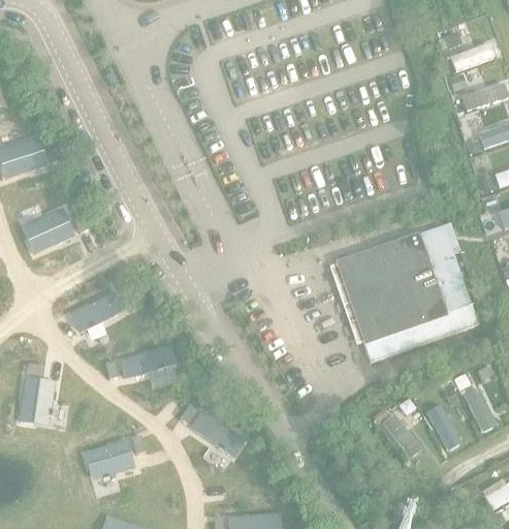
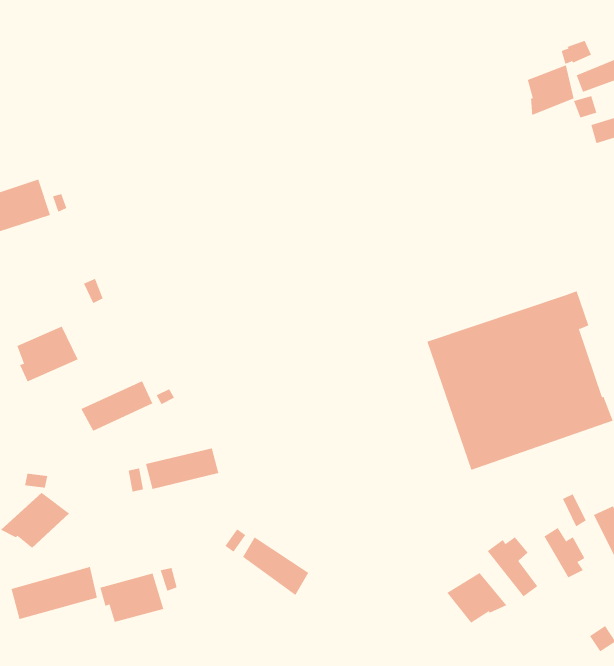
building: none -> [527,64,574,116]
building: [26,210,73,253] -> [16,326,78,382]
building: none -> [11,566,97,620]
building: none -> [446,572,507,624]

